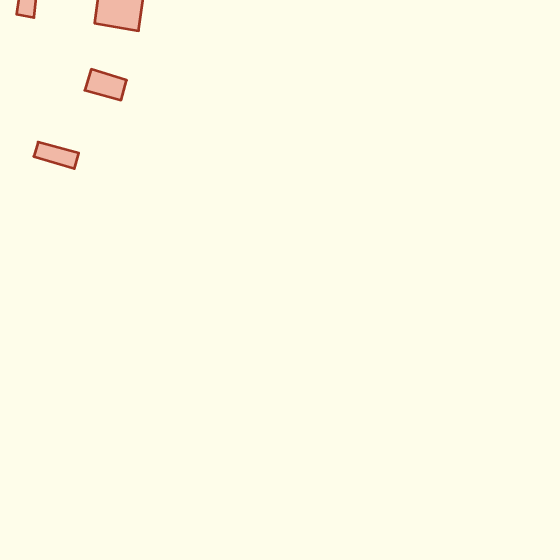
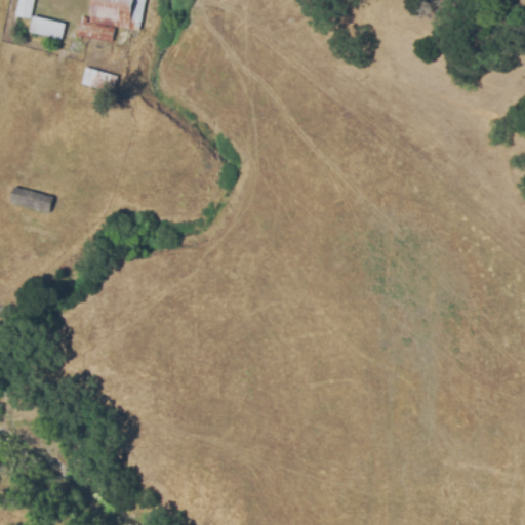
building: none -> [28,15,64,39]
building: [34,142,79,169] -> [10,187,52,211]

